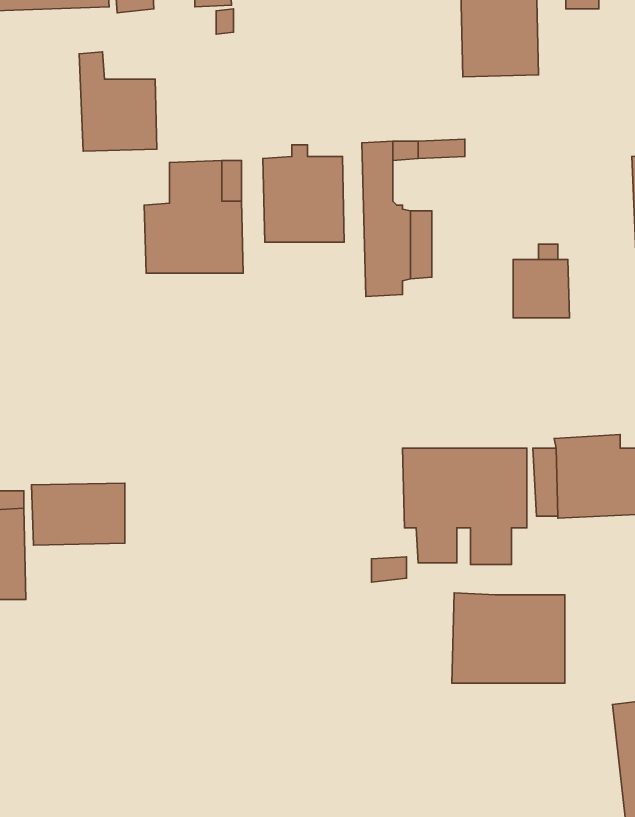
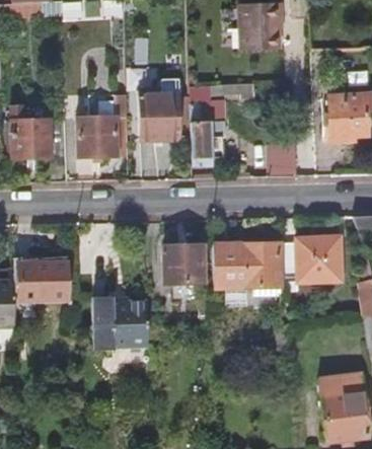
building: [79,52,157,151] -> [10,105,51,157]
building: none -> [162,246,205,283]
building: none -> [93,294,149,349]
building: [452,593,565,683] -> none

